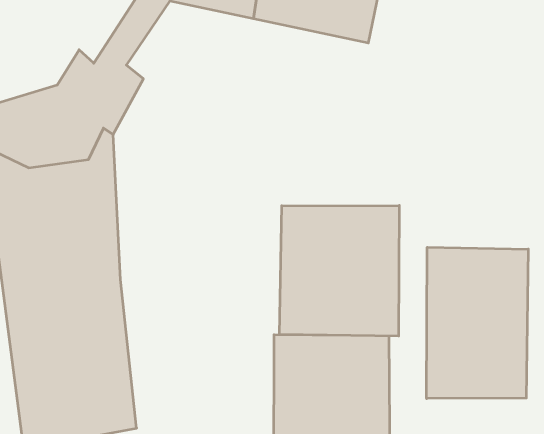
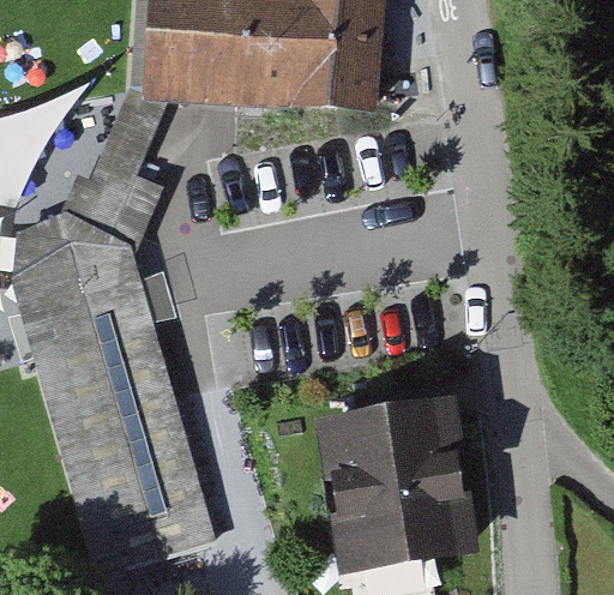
building: [280,205,399,336] -> none
building: [427,247,528,399] -> none

